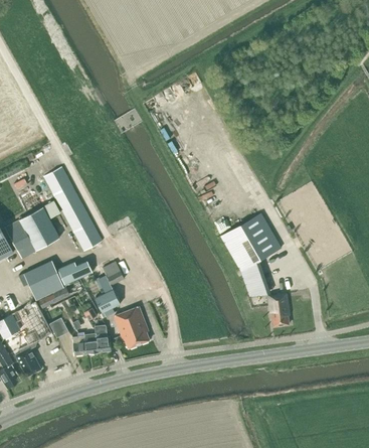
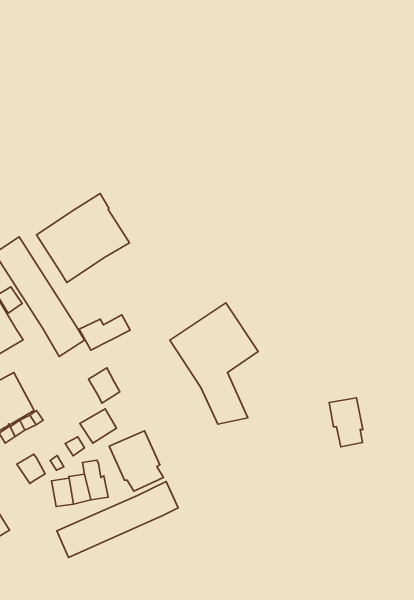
building: none -> [37,193,129,283]
building: [220,212,281,296] -> [170,303,258,424]
building: [57,261,93,284] -> [79,315,130,350]
building: none -> [57,481,178,558]

